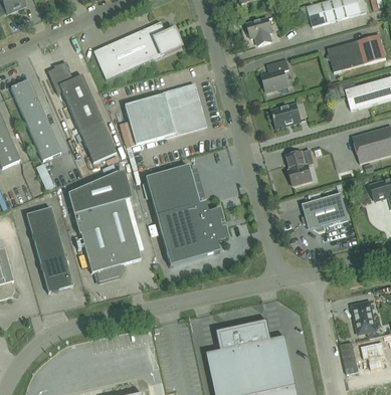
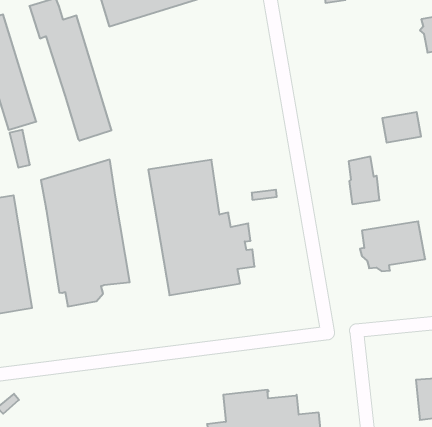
building: [261,58,288,90] -> none
building: [124,85,204,144] -> none
building: [271,103,301,127] -> [382,112,421,143]

